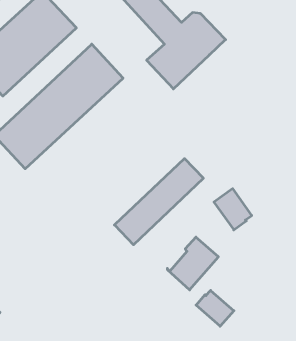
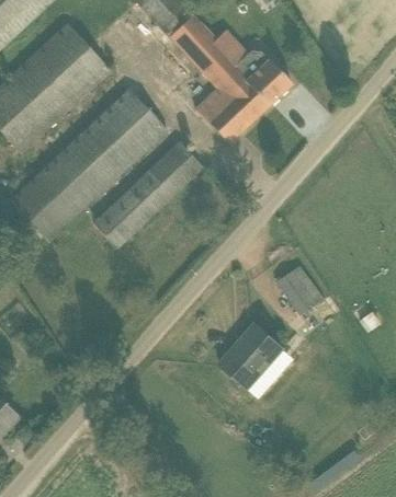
building: [114,159,203,245] -> [93,142,202,247]
building: [196,290,234,326] -> none

